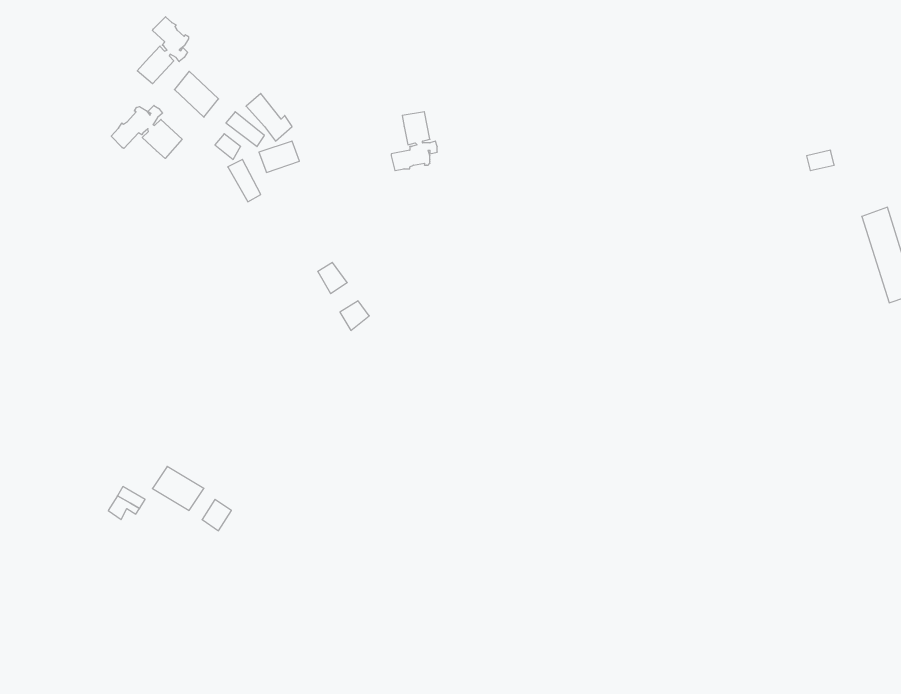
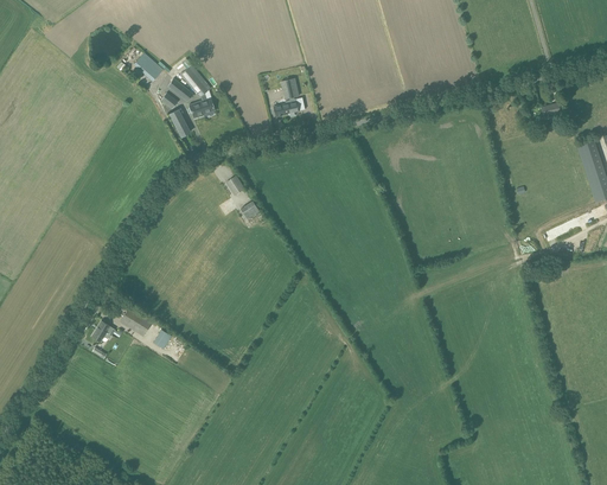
building: [137,17,189,84] -> none
building: [111,105,182,158] -> none

